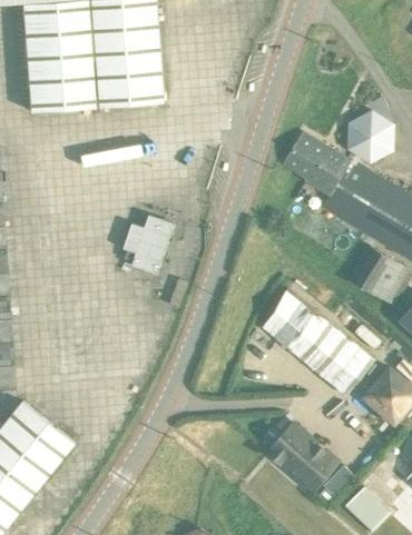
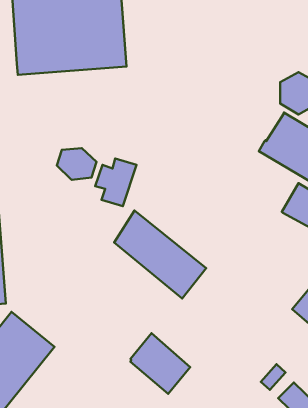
building: [283,131,352,194] -> none
building: none -> [57,148,97,180]
building: [263,287,374,394] -> [114,210,206,299]
building: [268,418,341,492] -> [130,333,190,394]

